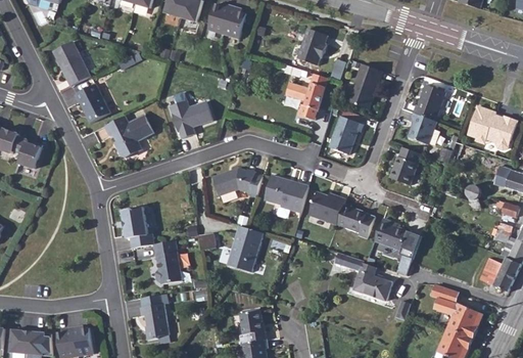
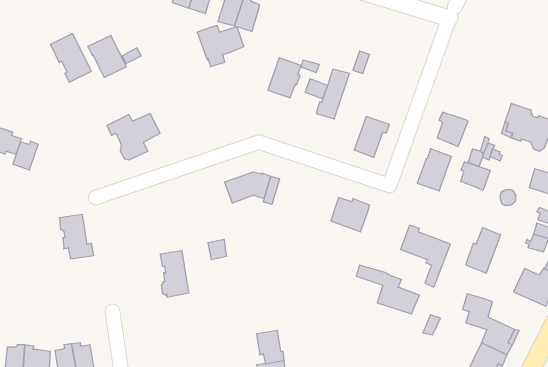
building: [297,29,328,65] -> [268,58,301,98]
building: [349,64,383,109] -> none
building: [74,84,109,123] -> [88,35,126,77]
building: [414,84,446,121] -> none
building: [169,100,211,138] -> [197,26,244,67]
building: none -> [461,162,490,190]
building: [265,175,308,218] -> none
building: [338,204,376,238] -> none
building: [122,207,153,248] -> [59,214,94,259]
building: none -> [466,227,501,273]
building: [226,226,264,273] -> none
building: [140,294,169,340] -> none

